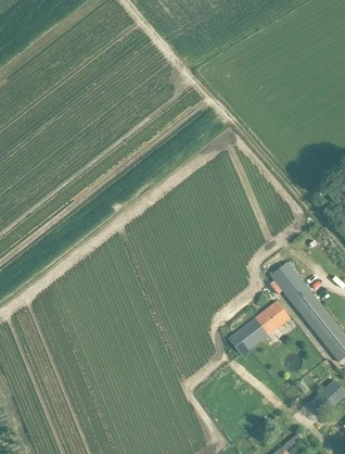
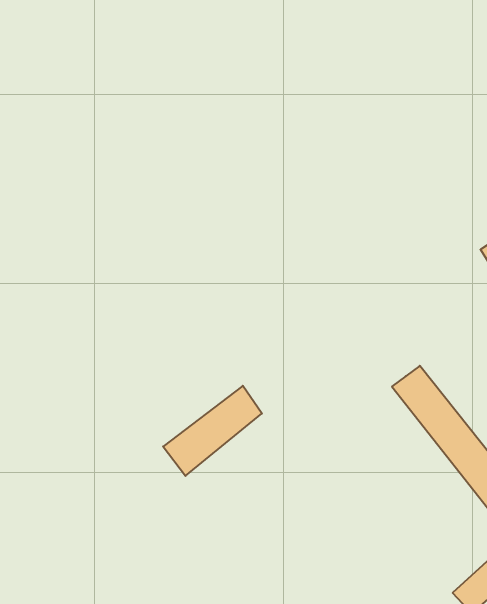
building: [228,300,290,356] -> [163,386,262,476]

